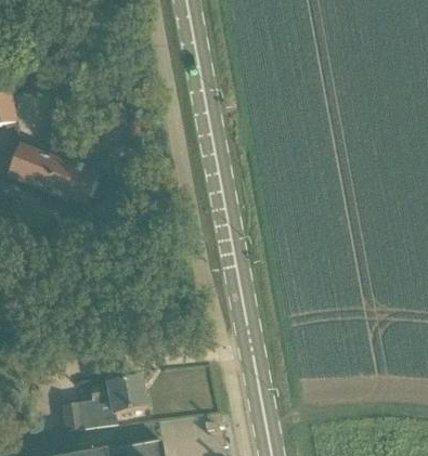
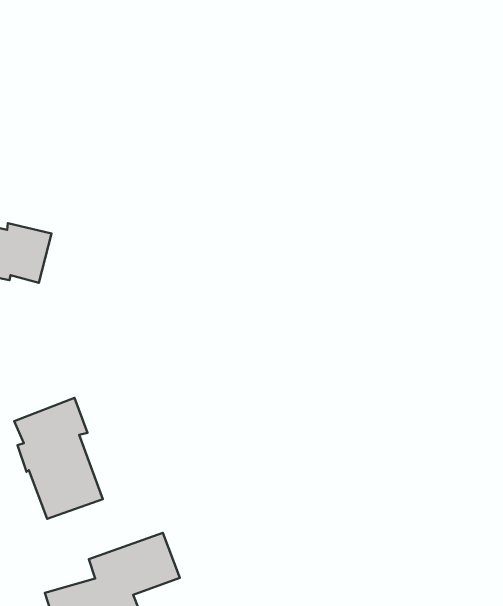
building: none -> [14,398,103,519]

